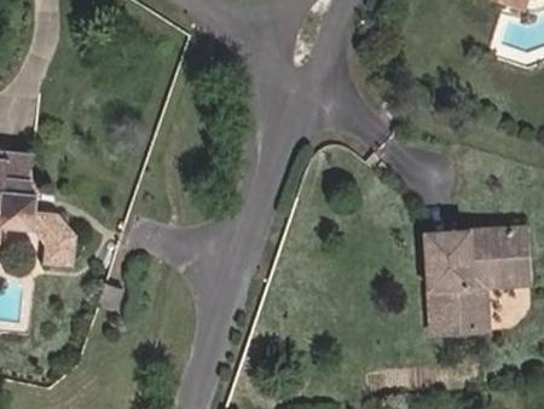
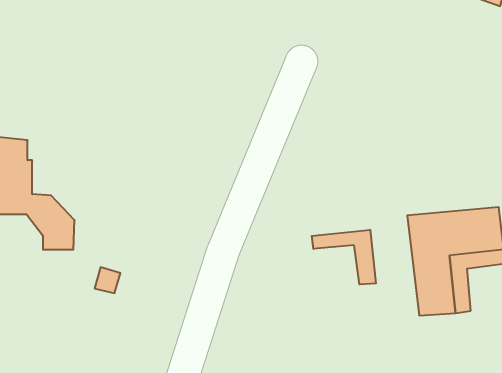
building: none -> [312,230,376,284]

